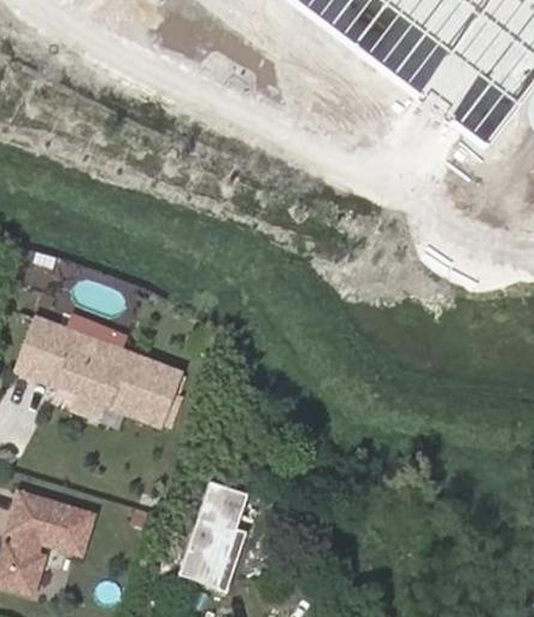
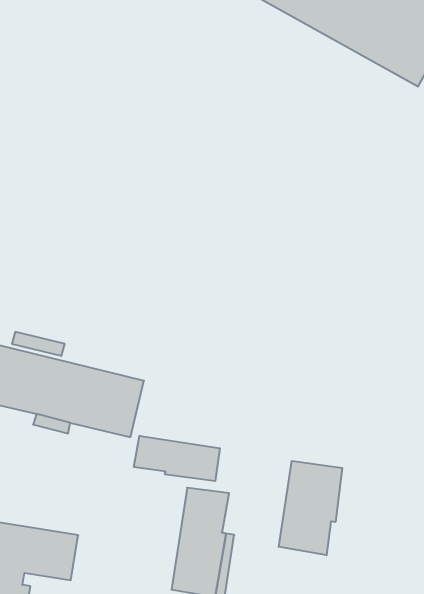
building: none -> [134,436,220,481]
building: none -> [279,461,342,555]

